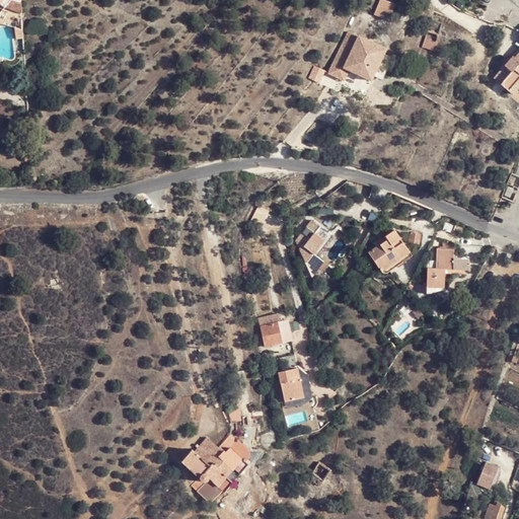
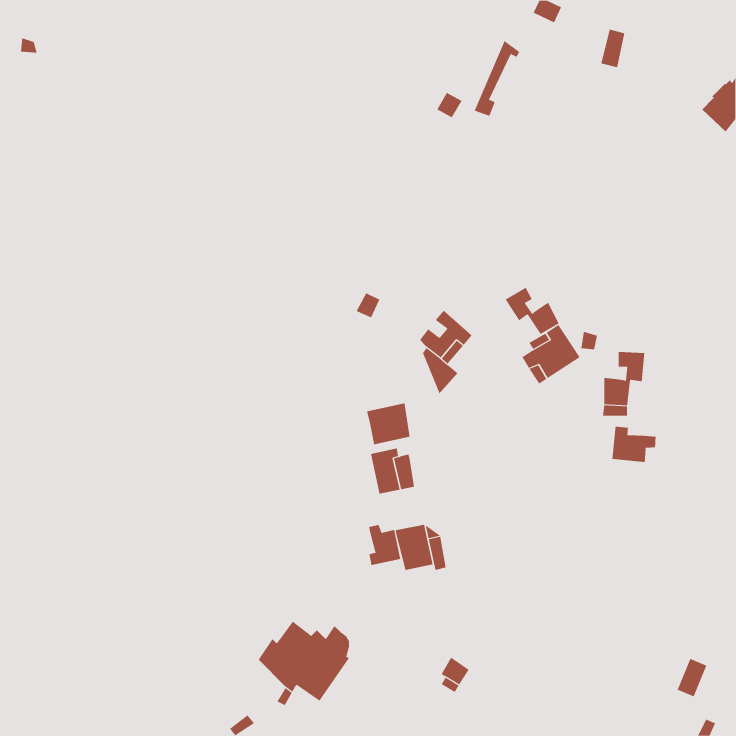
building: [345,39,387,82] -> none
building: none -> [505,287,559,335]
building: none -> [367,402,410,445]
building: none -> [612,426,656,463]
building: none -> [369,524,401,566]

